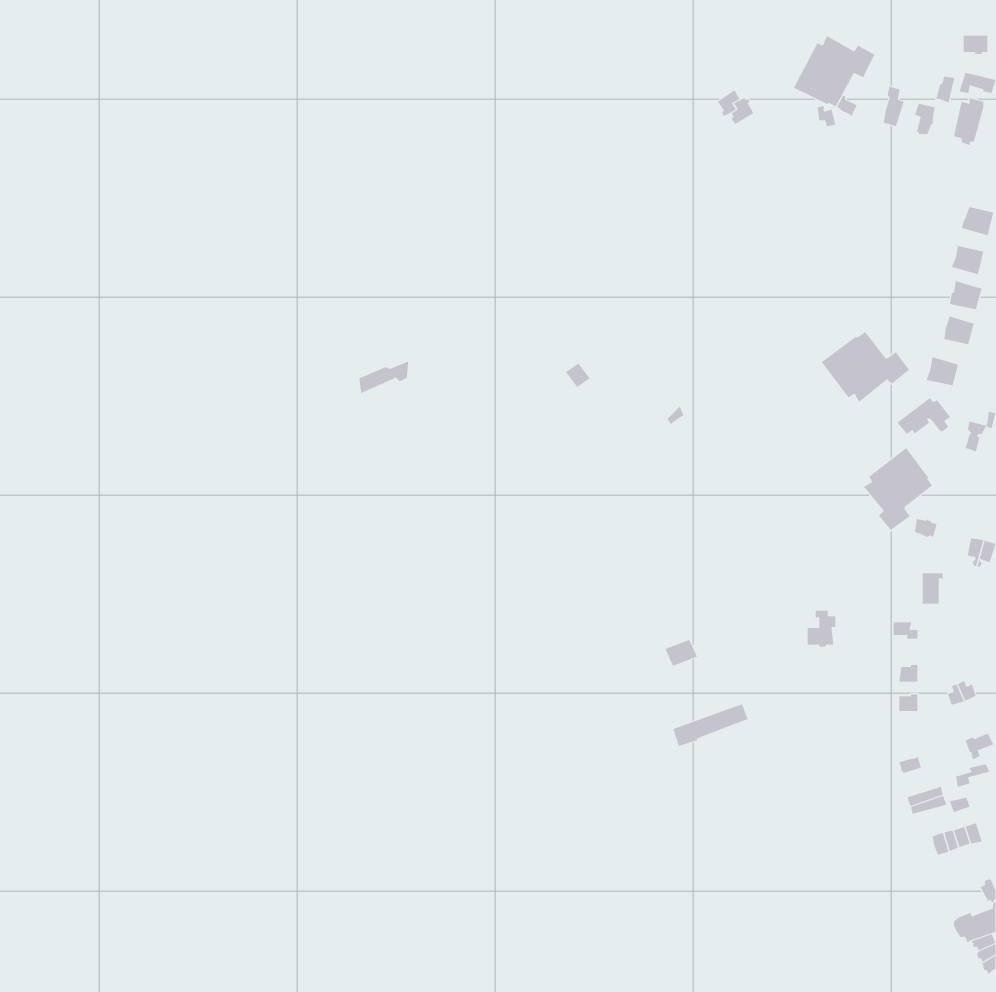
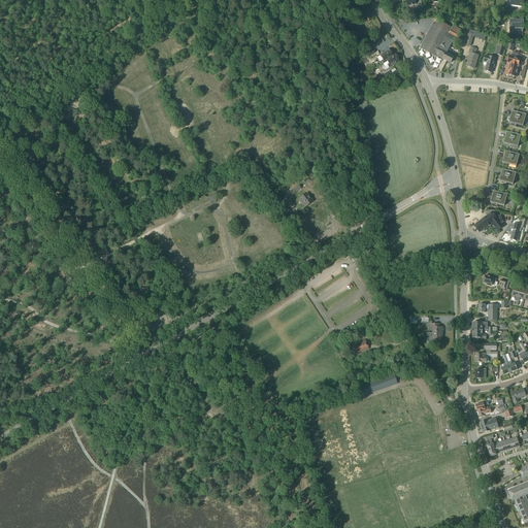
building: [821,331,910,403] -> none
building: [863,447,933,531] -> none

